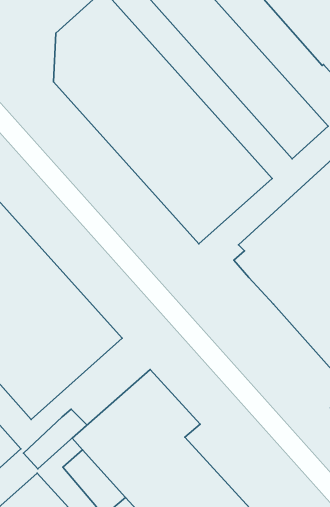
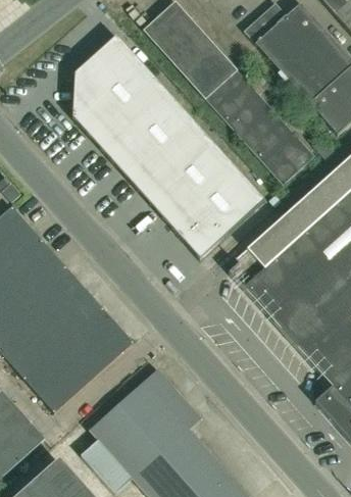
building: [23,409,87,469] -> none

